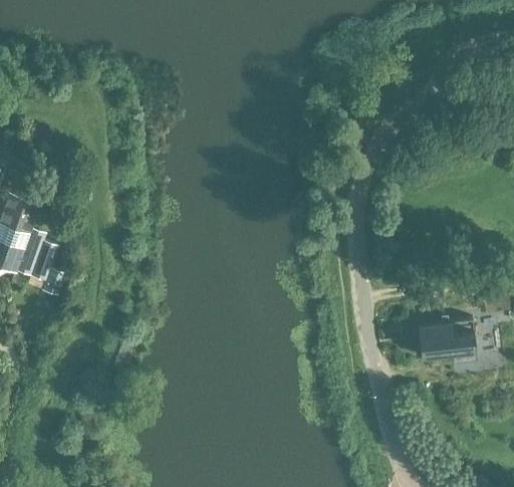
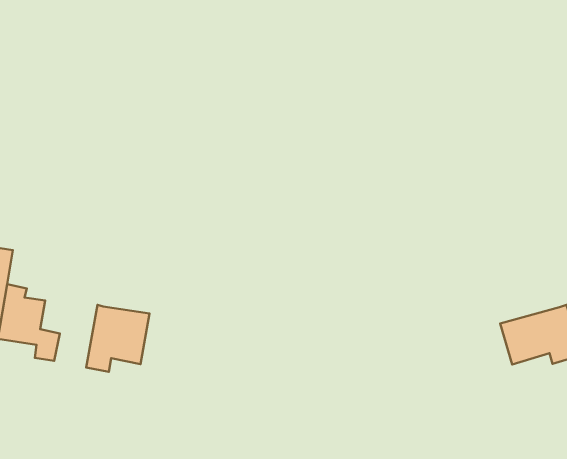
building: none -> [86,305,150,372]

